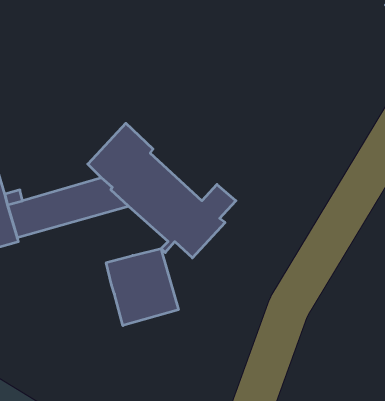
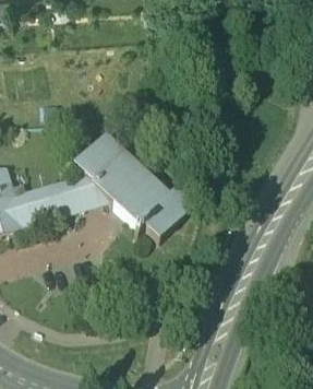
building: [106,248,178,326] -> none

